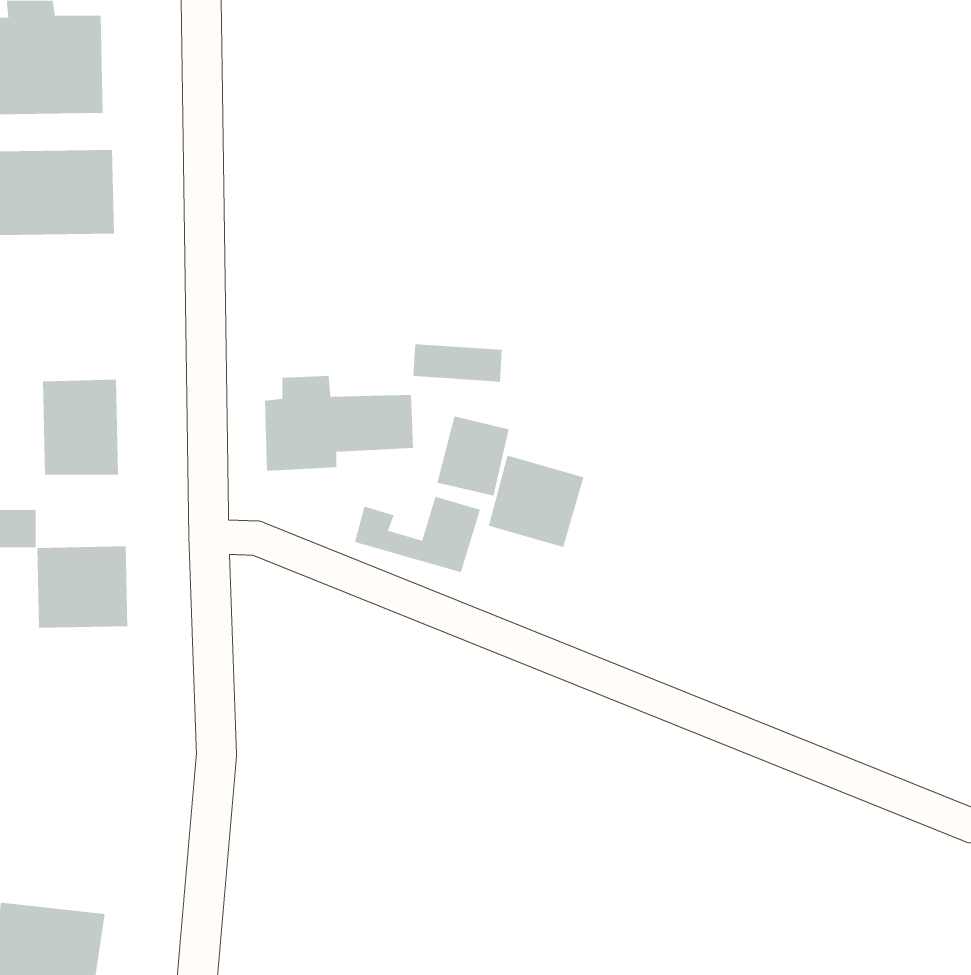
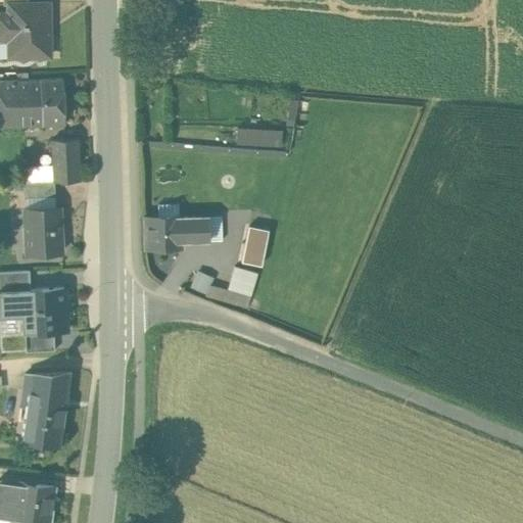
building: none -> [32,141,78,184]
building: [413,344,503,382] -> [233,126,281,146]
building: [488,455,584,548] -> none
building: none -> [18,375,74,446]

